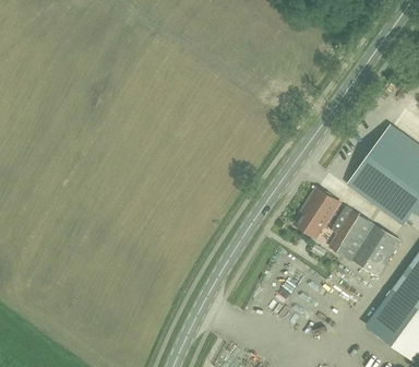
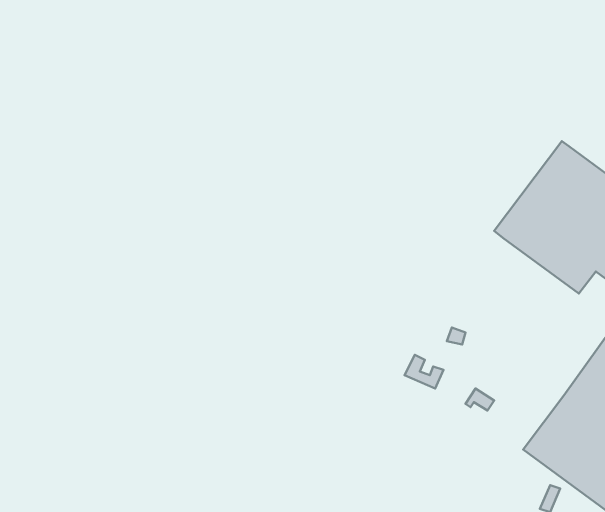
building: [292,187,398,275] -> none

